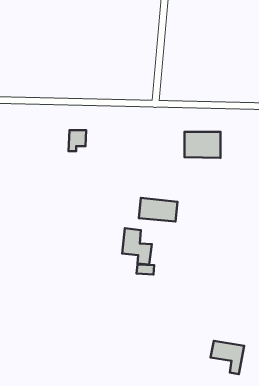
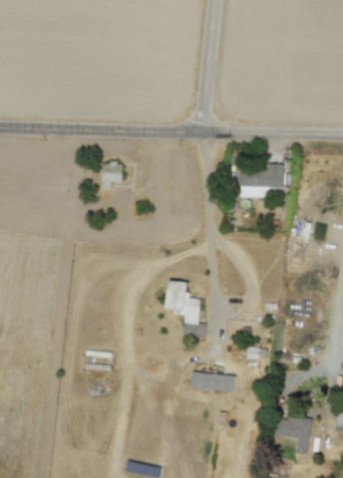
building: [139,198,177,222] -> none
building: none -> [192,373,235,391]

